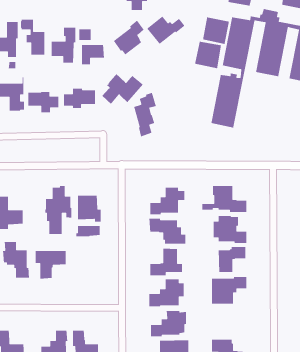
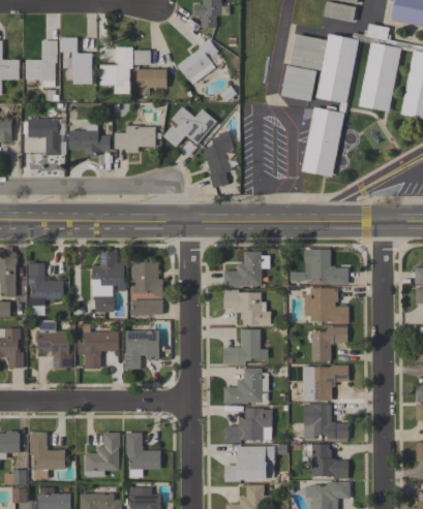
building: [146,16,186,45] -> none
building: none -> [124,324,159,369]
building: none -> [304,404,349,439]

